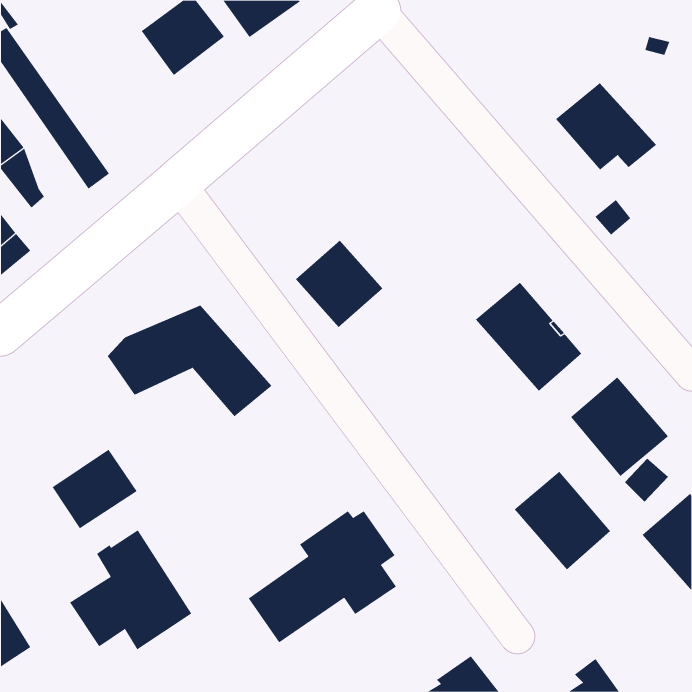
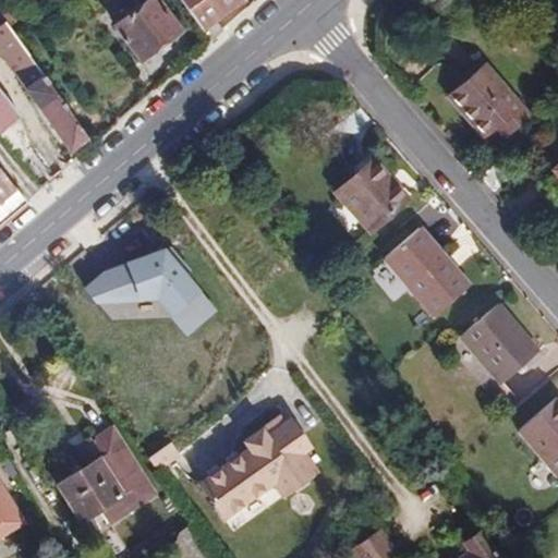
building: [295,240,383,328] -> [336,159,407,230]
building: [52,449,138,529] -> none
building: [514,471,611,570] -> none

